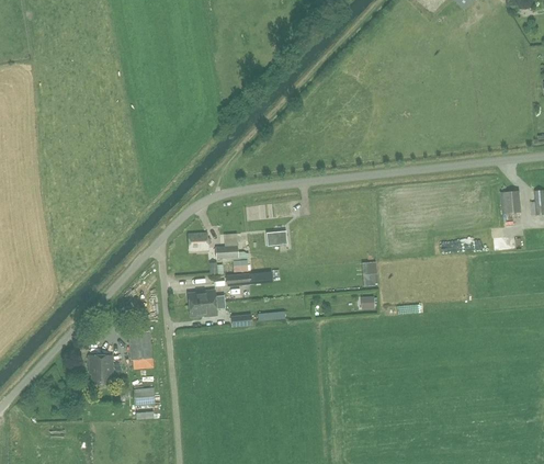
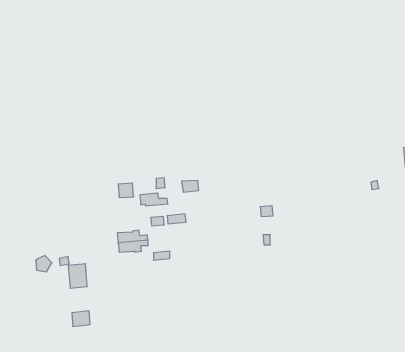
building: [500,191,522,215] -> none
building: [89,357,112,386] -> none

